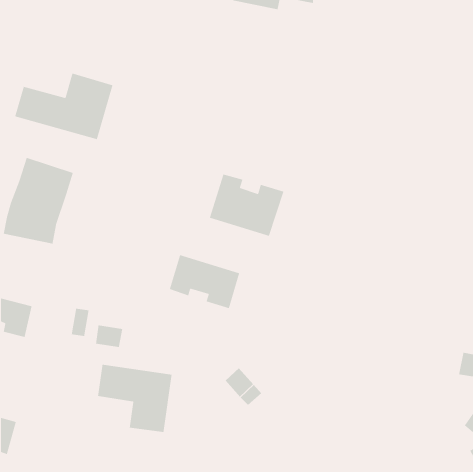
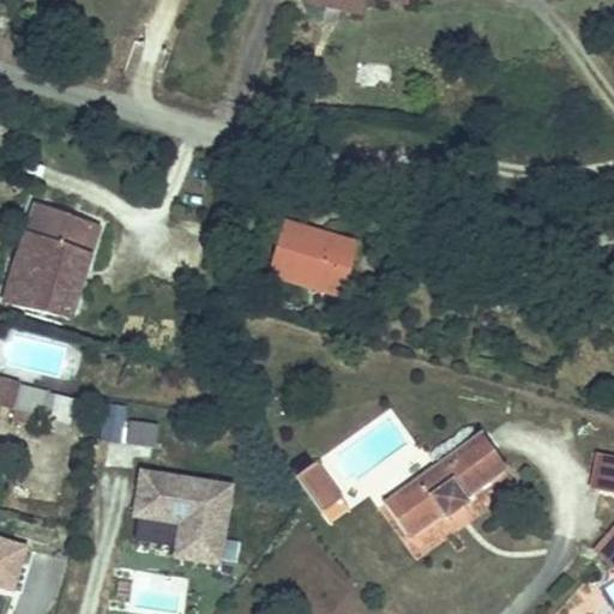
building: [14,73,113,140] -> none
building: [169,254,240,309] -> none
building: none -> [387,428,506,537]

